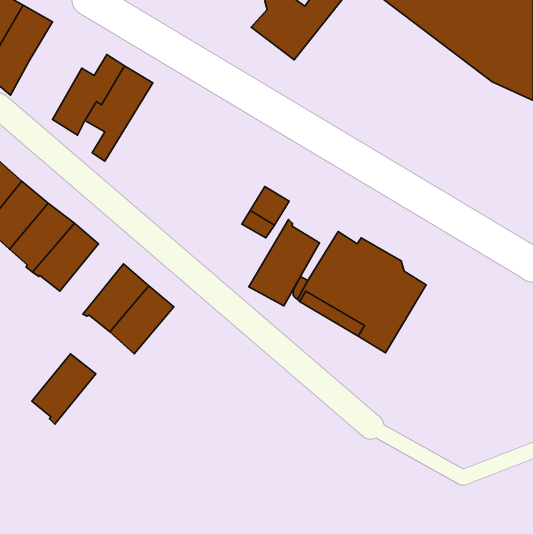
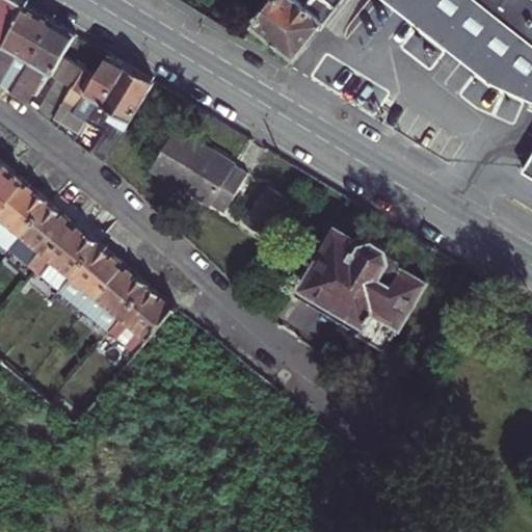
building: none -> [10,22,81,123]
building: none -> [150,130,245,211]
building: [249,220,320,306] -> none
building: [32,354,96,424] -> [59,242,123,312]

